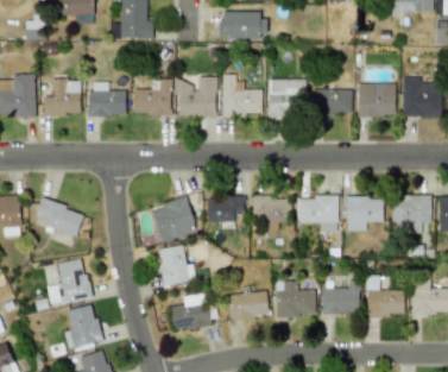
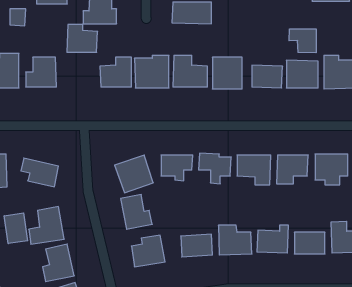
building: none -> [289,29,316,53]
building: [89,83,126,116] -> [67,25,98,52]
building: none -> [4,213,28,244]

